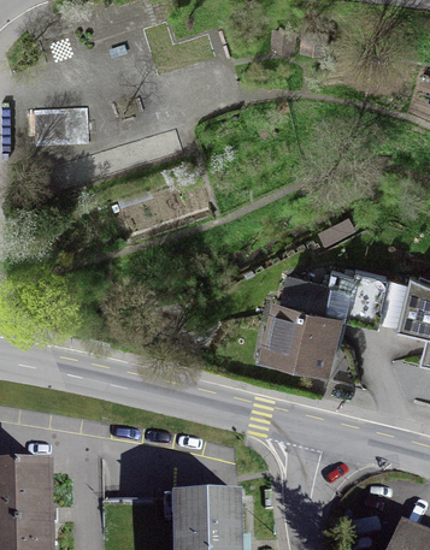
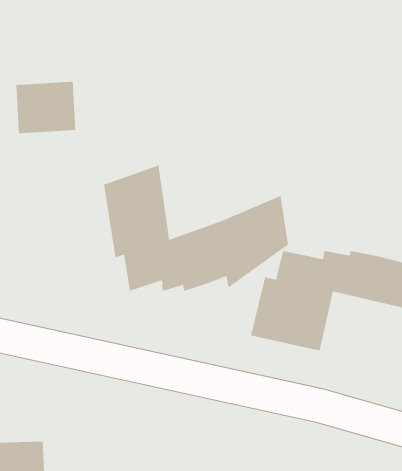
building: none -> [103,165,289,292]

